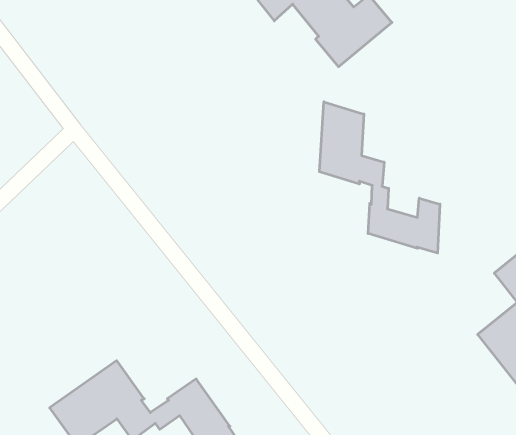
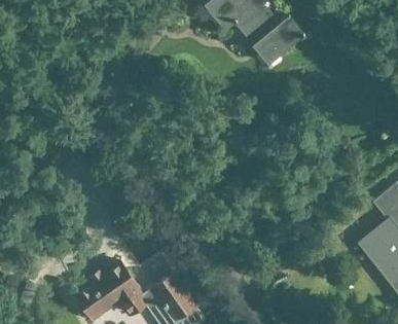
building: [319,102,440,253] -> none

